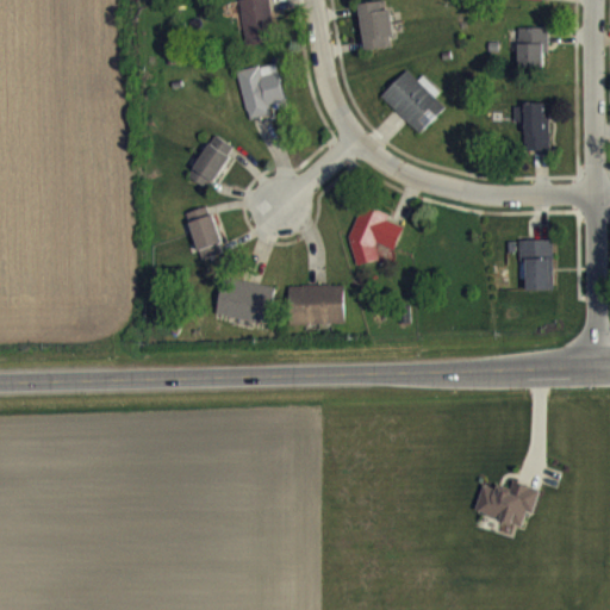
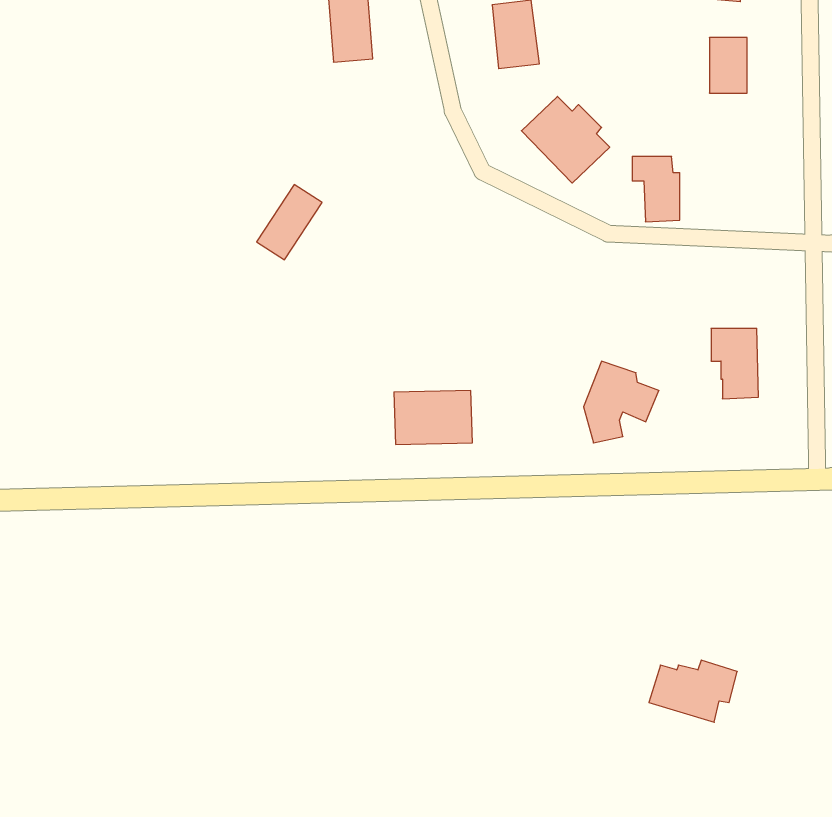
building: [237,62,286,118] -> none
building: [513,104,548,151] -> [632,156,680,222]
building: [348,205,403,264] -> [584,361,659,443]
building: [186,206,223,260] -> none
building: [214,276,274,325] -> none

